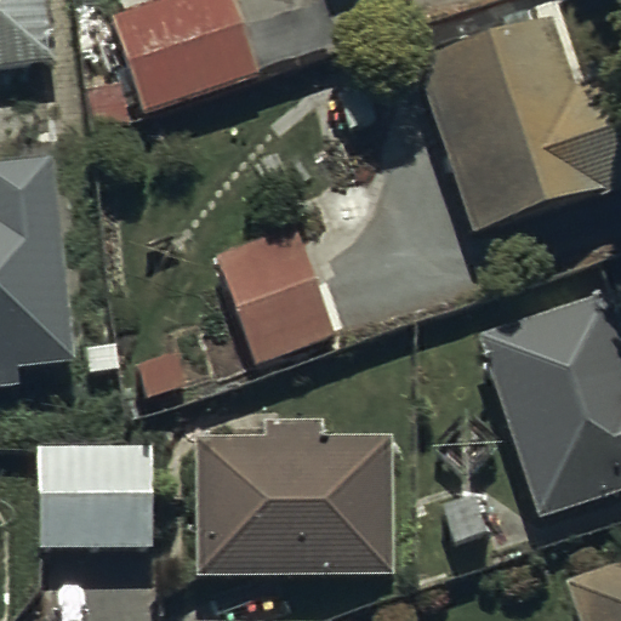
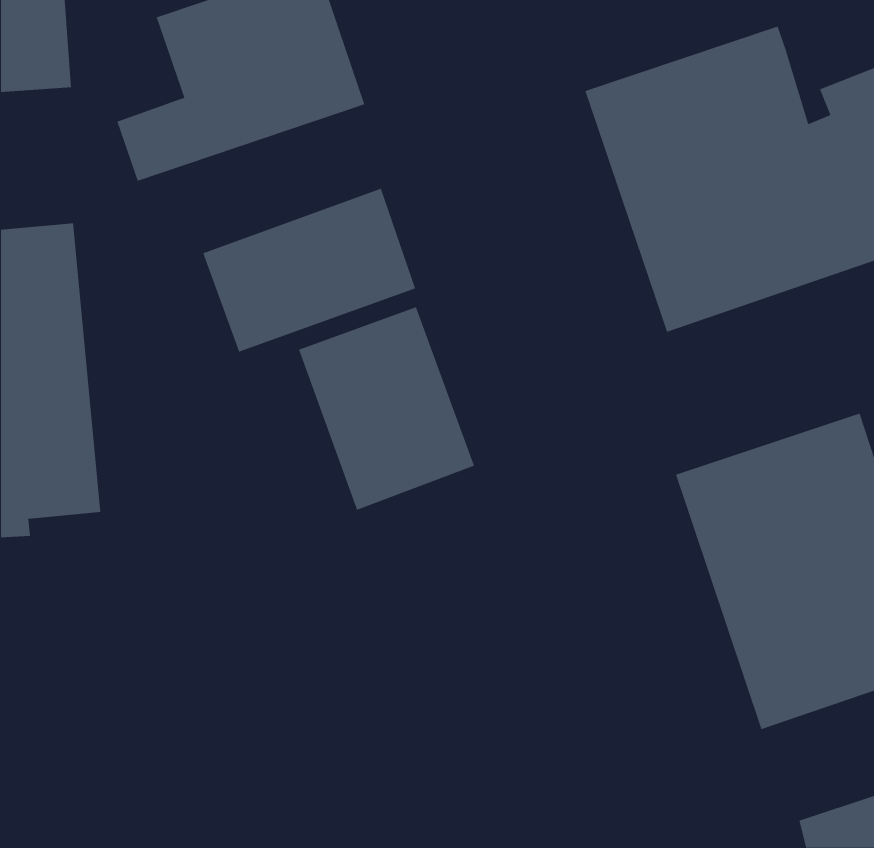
building: none -> [203,188,416,353]
building: [193,417,395,574] -> none
building: [39,440,152,545] -> none

